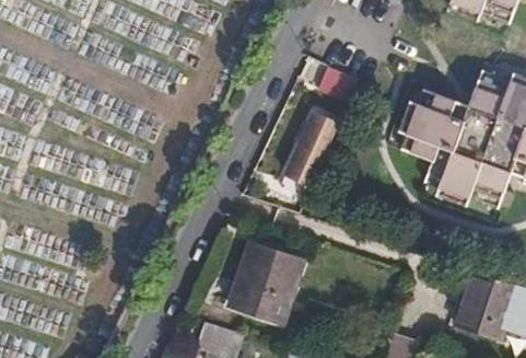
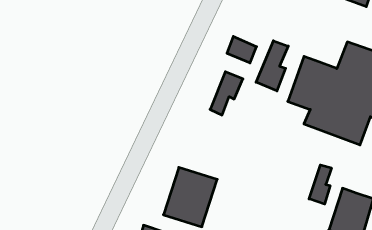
building: none -> [256,41,288,91]
building: none -> [309,165,331,204]

